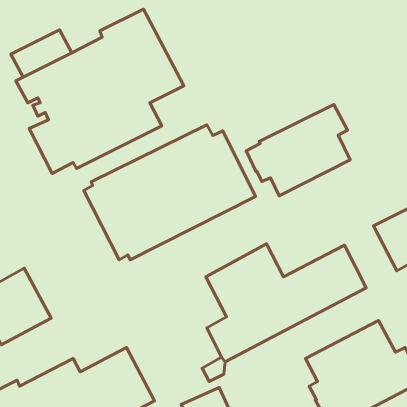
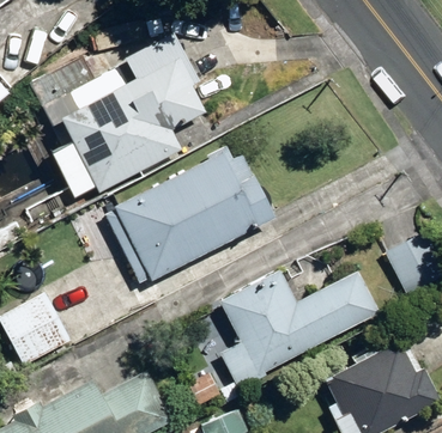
building: [246,104,350,196] -> none

